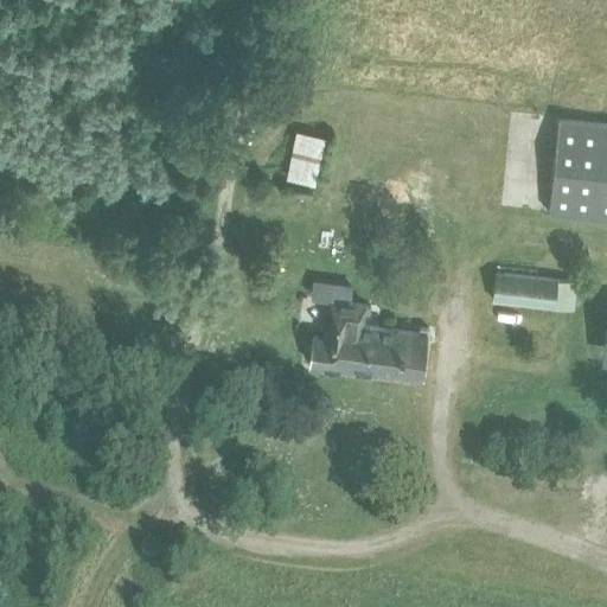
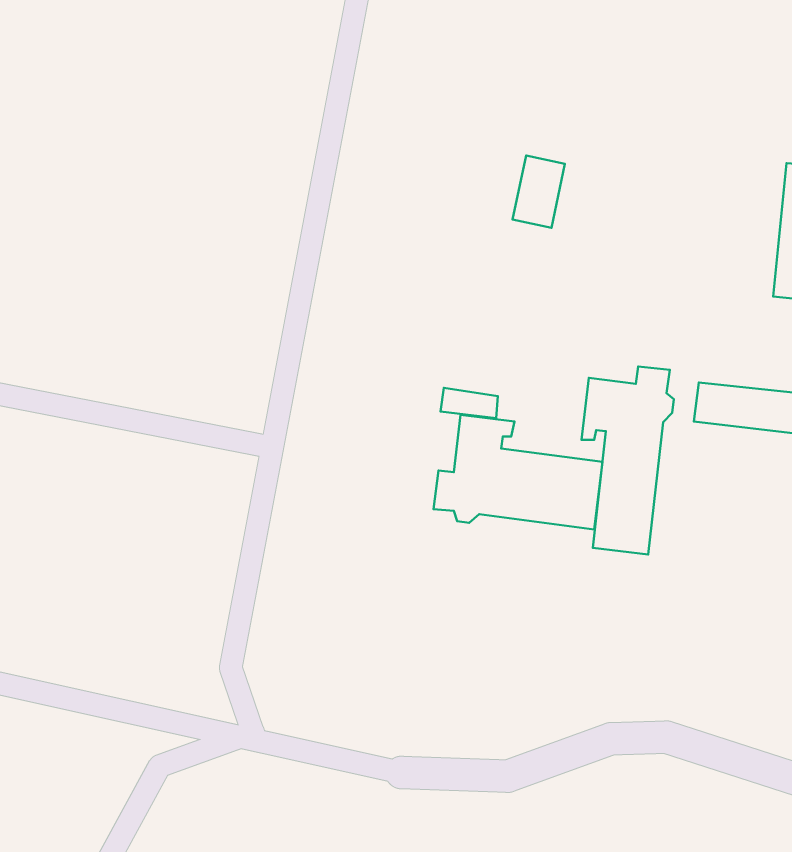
building: [287,135,324,186] -> [512,155,565,228]
building: none -> [581,366,674,554]

